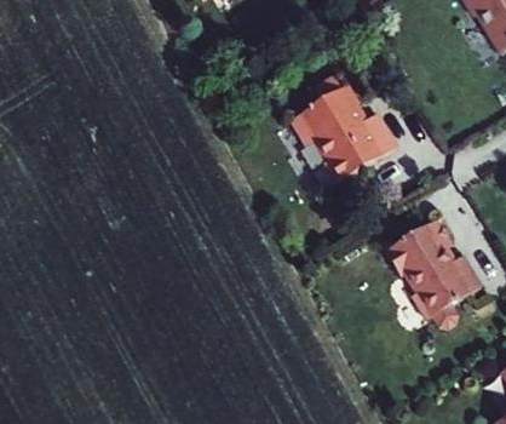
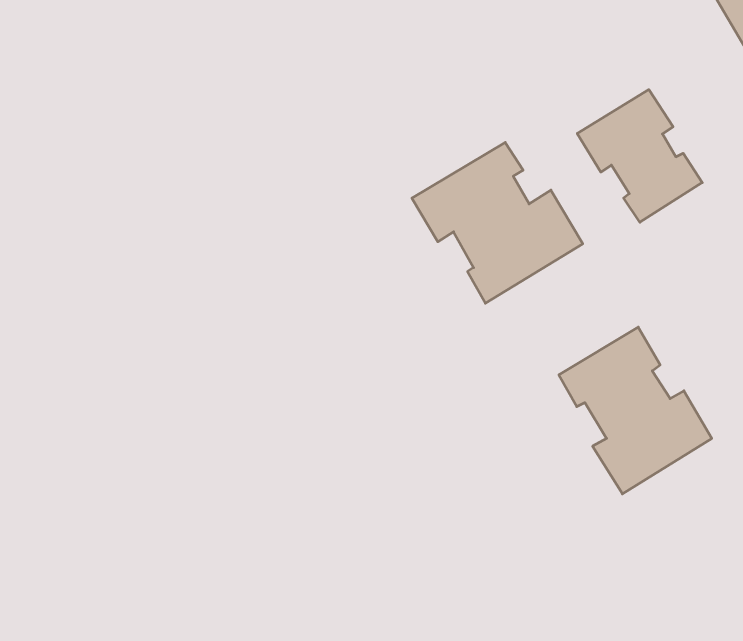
building: none -> [577,90,702,222]

